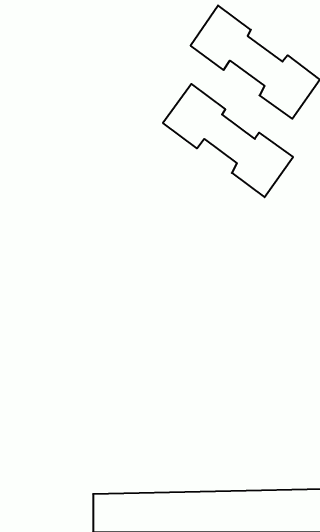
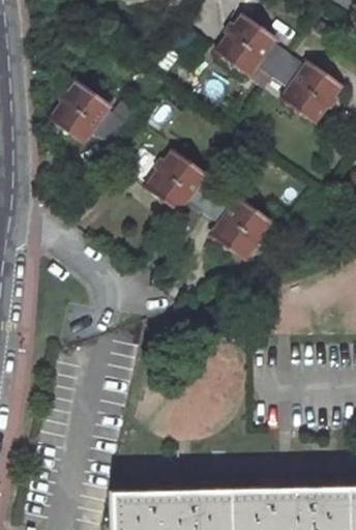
building: none -> [47,82,117,146]
building: [163,84,293,197] -> [142,150,269,261]

